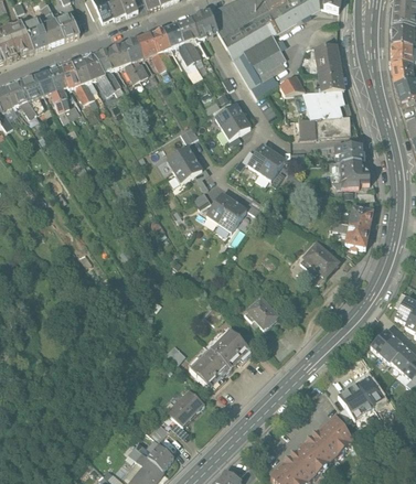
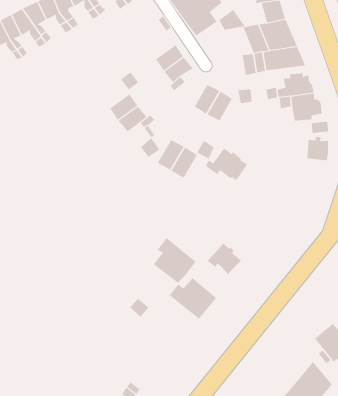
building: [342,225,369,249] -> none
building: [297,244,338,277] -> [205,147,248,181]
building: [189,341,231,386] -> [153,237,197,284]
building: [167,385,204,423] -> none

